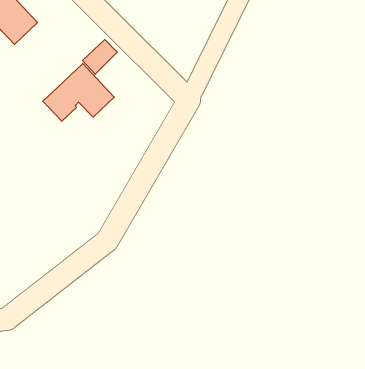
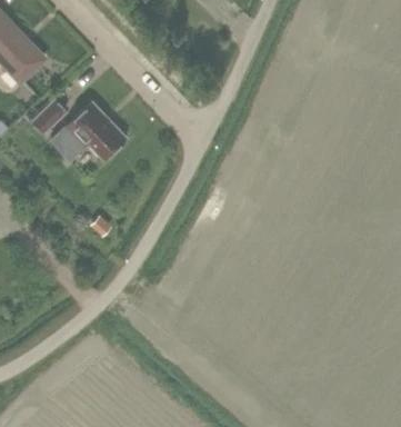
building: [83,40,117,74] -> [31,98,68,135]

